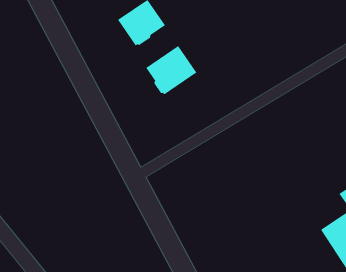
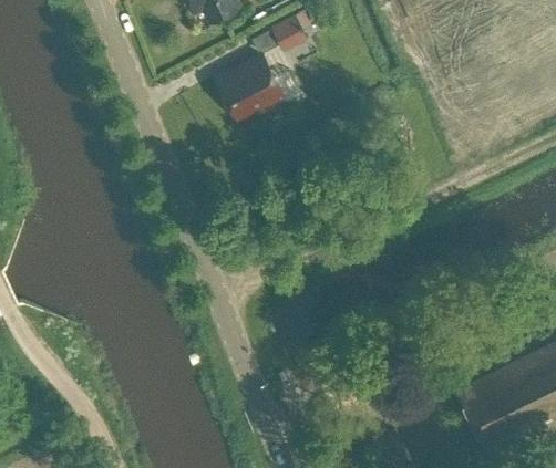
building: [146,45,197,95] -> none

